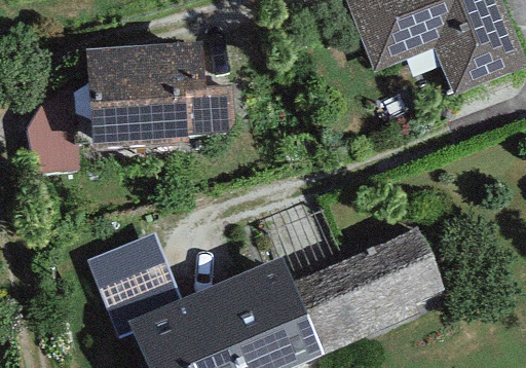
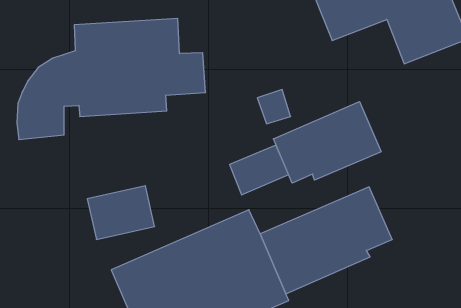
building: none -> [273,102,381,183]

